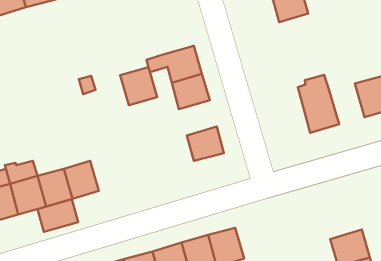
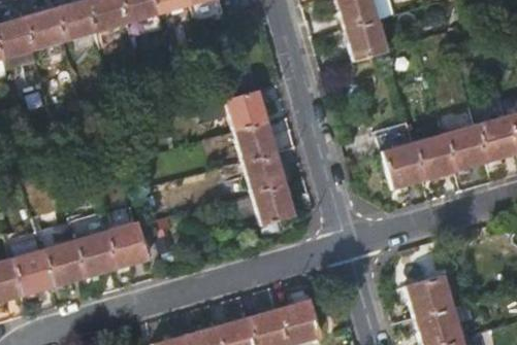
building: [120,67,157,105] -> none
building: none -> [417,132,458,179]
building: none -> [240,151,285,193]
building: [38,199,78,232] -> none
building: none -> [409,274,455,314]

